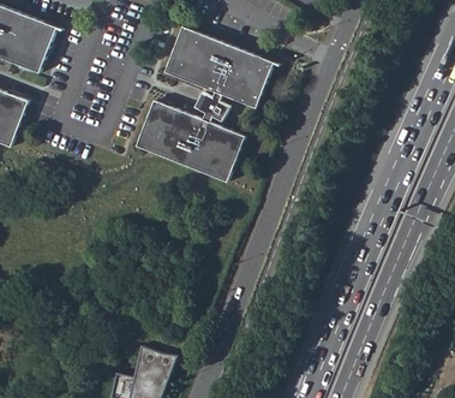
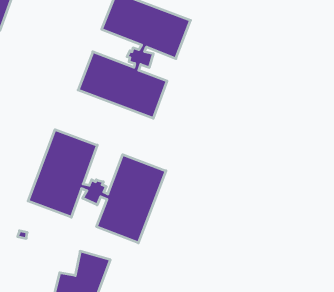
building: none -> [28,130,166,243]

